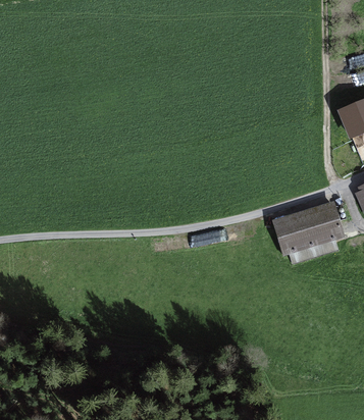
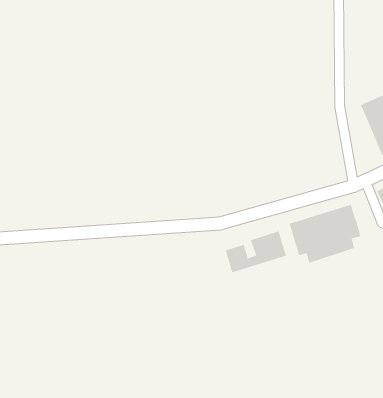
building: none -> [225,231,287,273]

